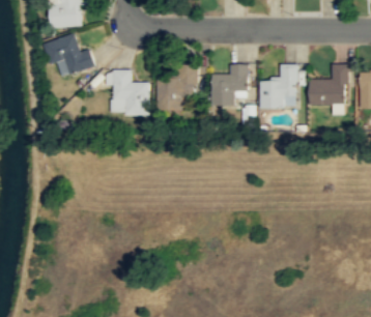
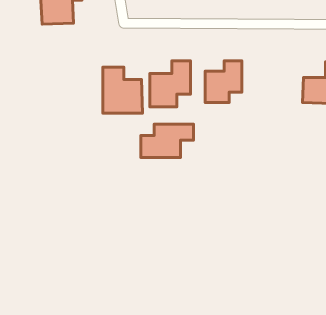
building: [44,33,94,77] -> none
building: [260,64,297,108] -> none
building: none -> [141,124,194,158]

